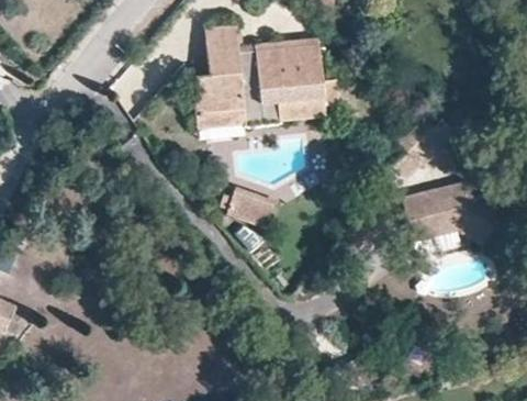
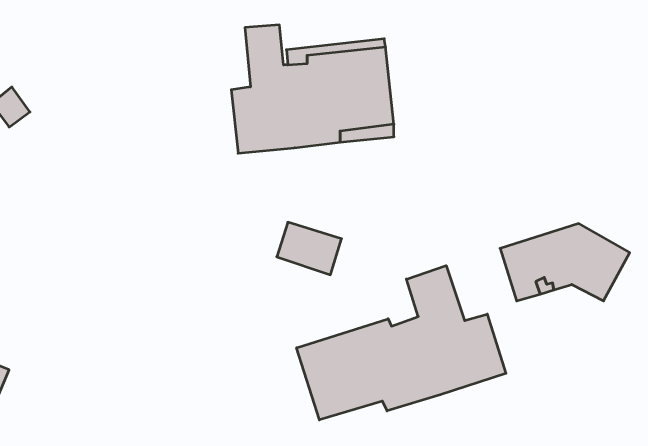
building: none -> [297,266,506,420]

